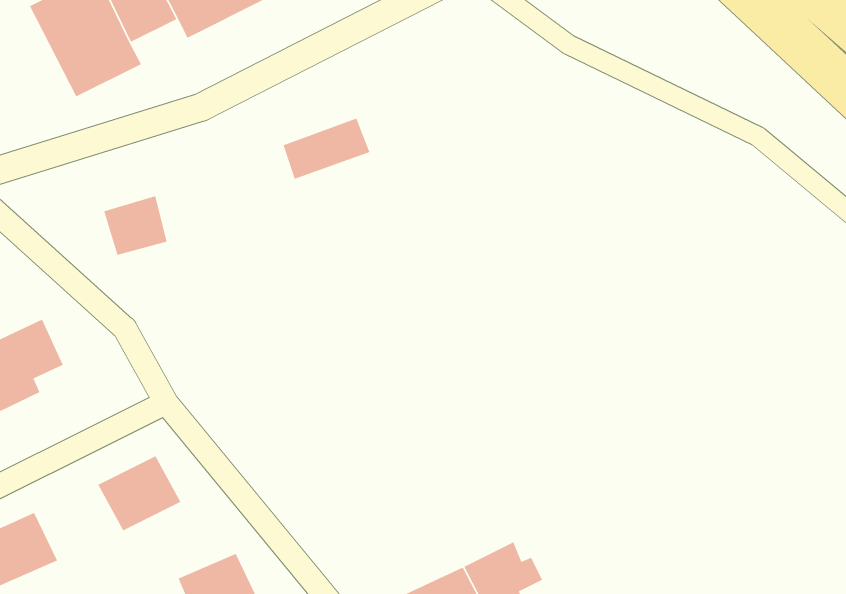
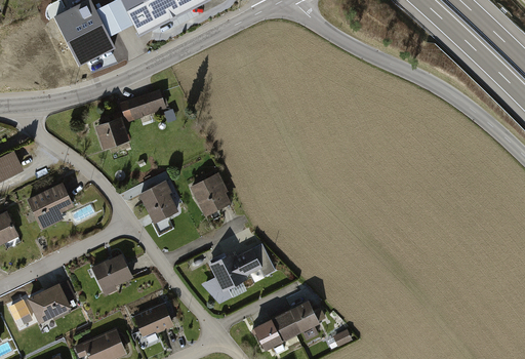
building: [282,117,370,180] -> [120,88,166,121]
building: none -> [189,173,230,214]
building: none -> [139,181,181,223]
building: none -> [202,242,276,305]

